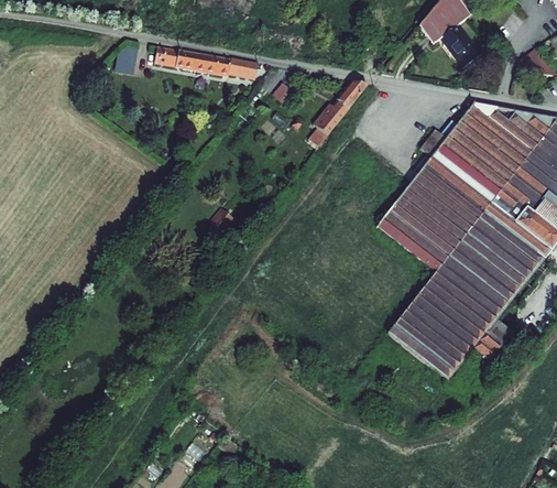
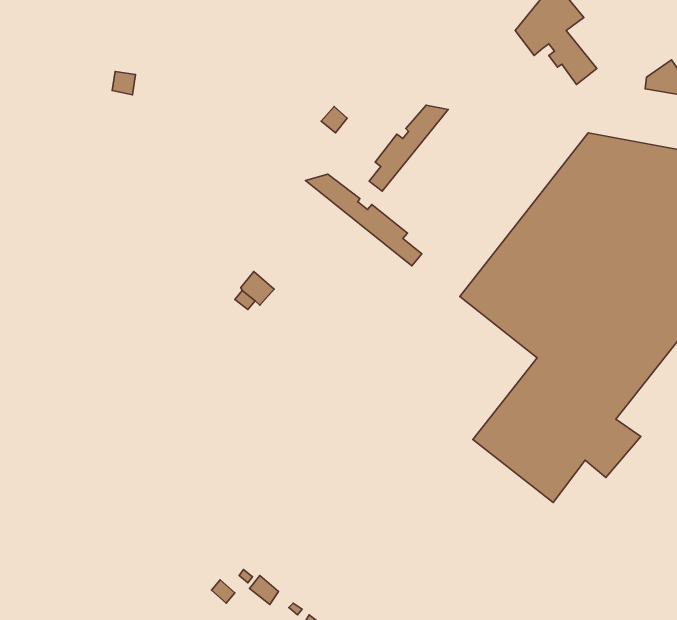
building: [155,45,259,77] -> none
building: none -> [306,174,422,266]

